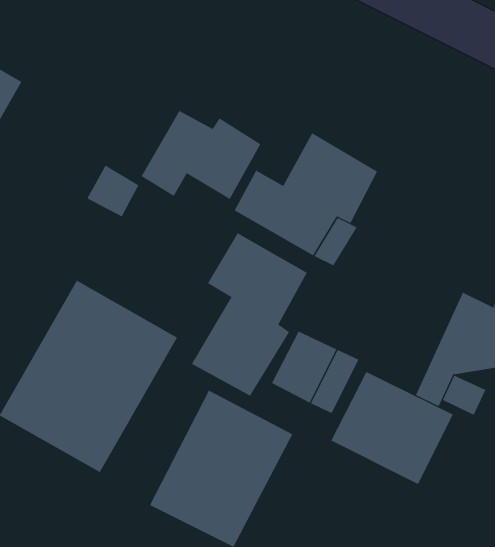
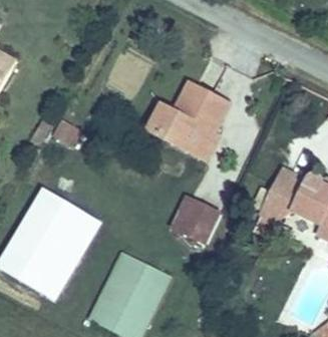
building: [141,110,261,200] -> none
building: [191,232,307,397] -> none
building: [330,371,453,485] -> none

